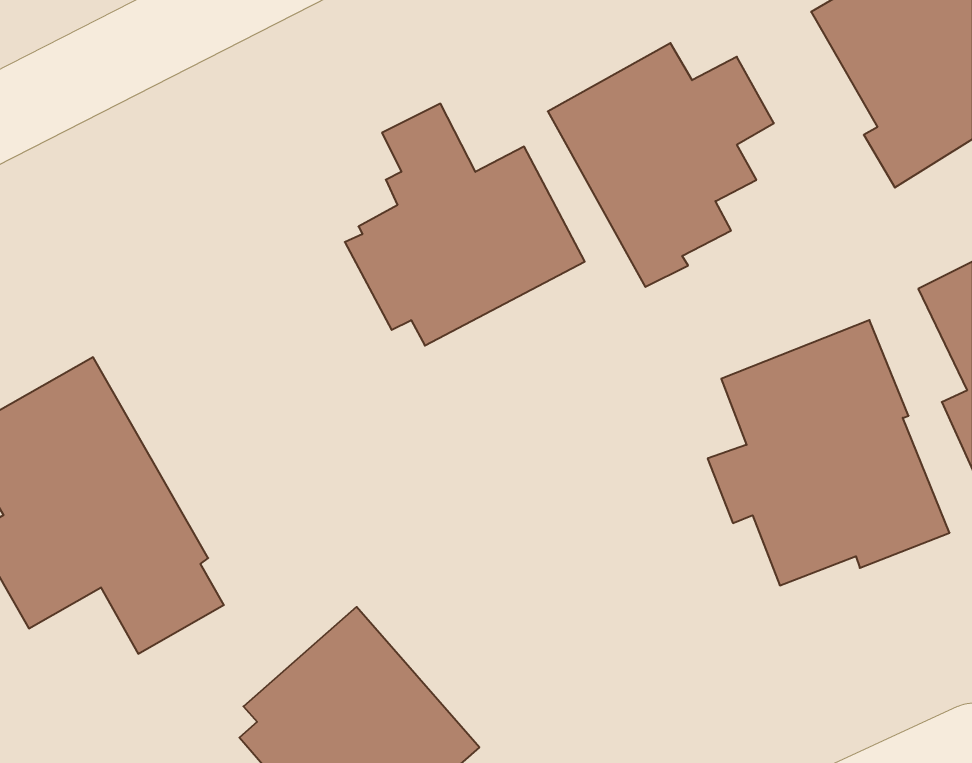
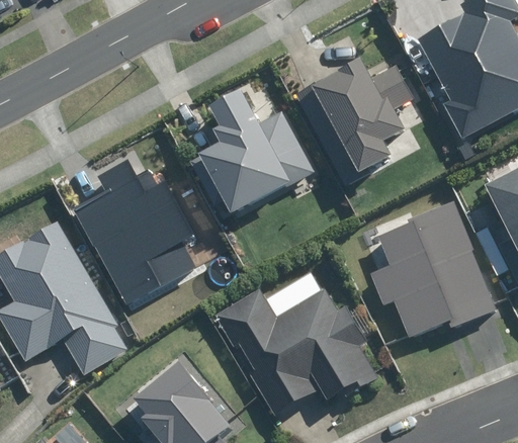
building: none -> [67,159,192,305]
building: none -> [222,288,381,416]

